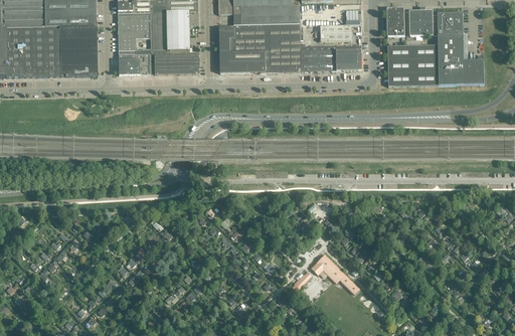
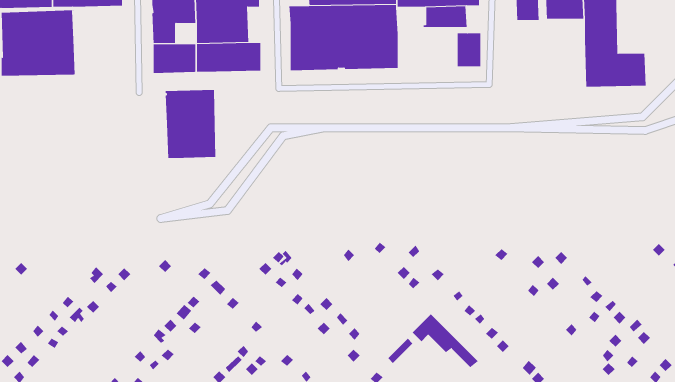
building: [58,25,97,76] -> [165,89,216,159]
building: [300,45,343,71] -> none
building: [387,45,439,87] -> none

